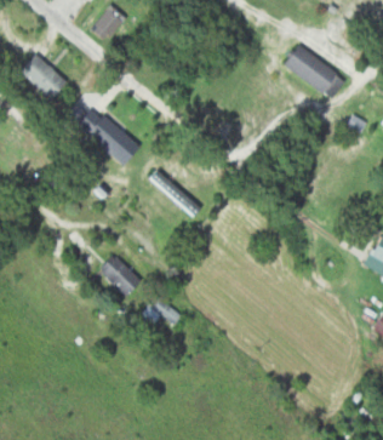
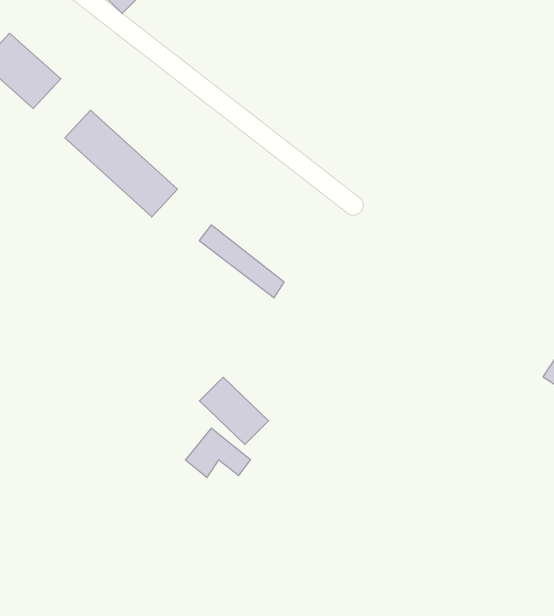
building: [282,45,345,101] -> none
building: [98,256,141,297] -> [199,377,269,444]

